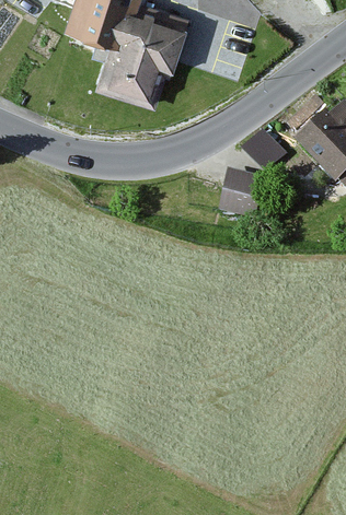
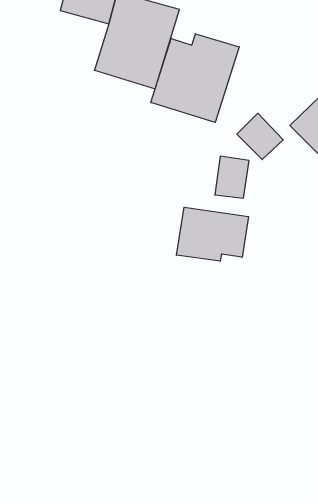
building: none -> [151,34,239,122]
building: none -> [176,207,249,261]

